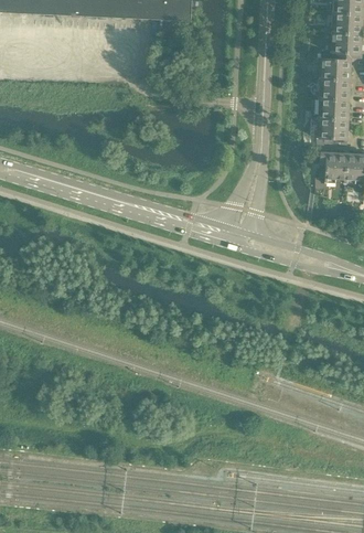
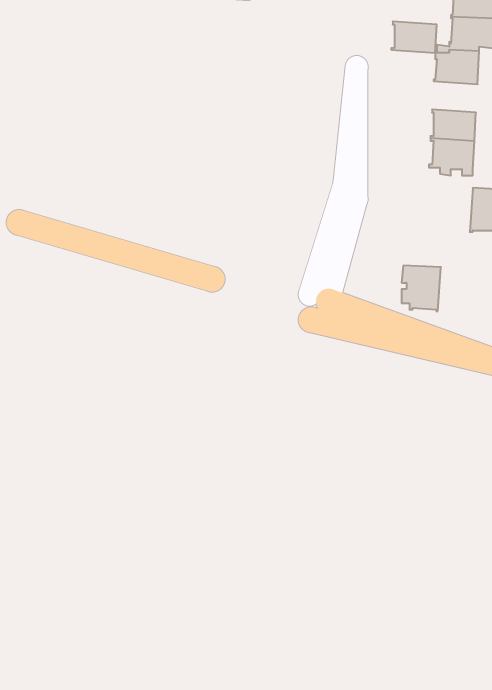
building: [318,77,350,99] -> [391,21,437,53]
building: [319,151,346,183] -> [402,266,441,311]

